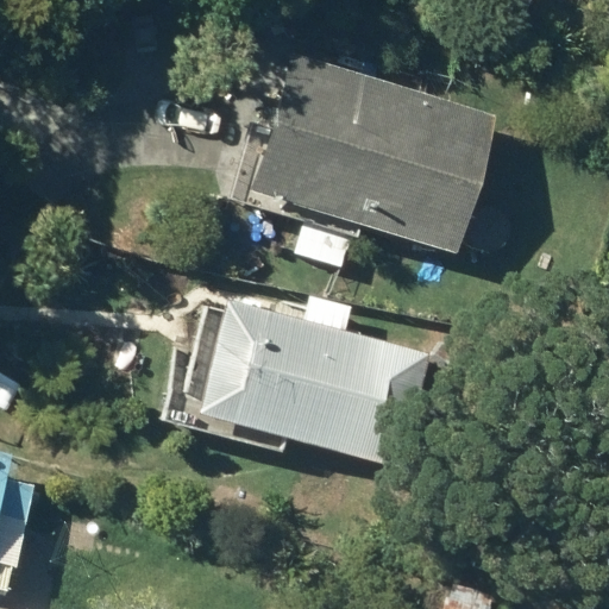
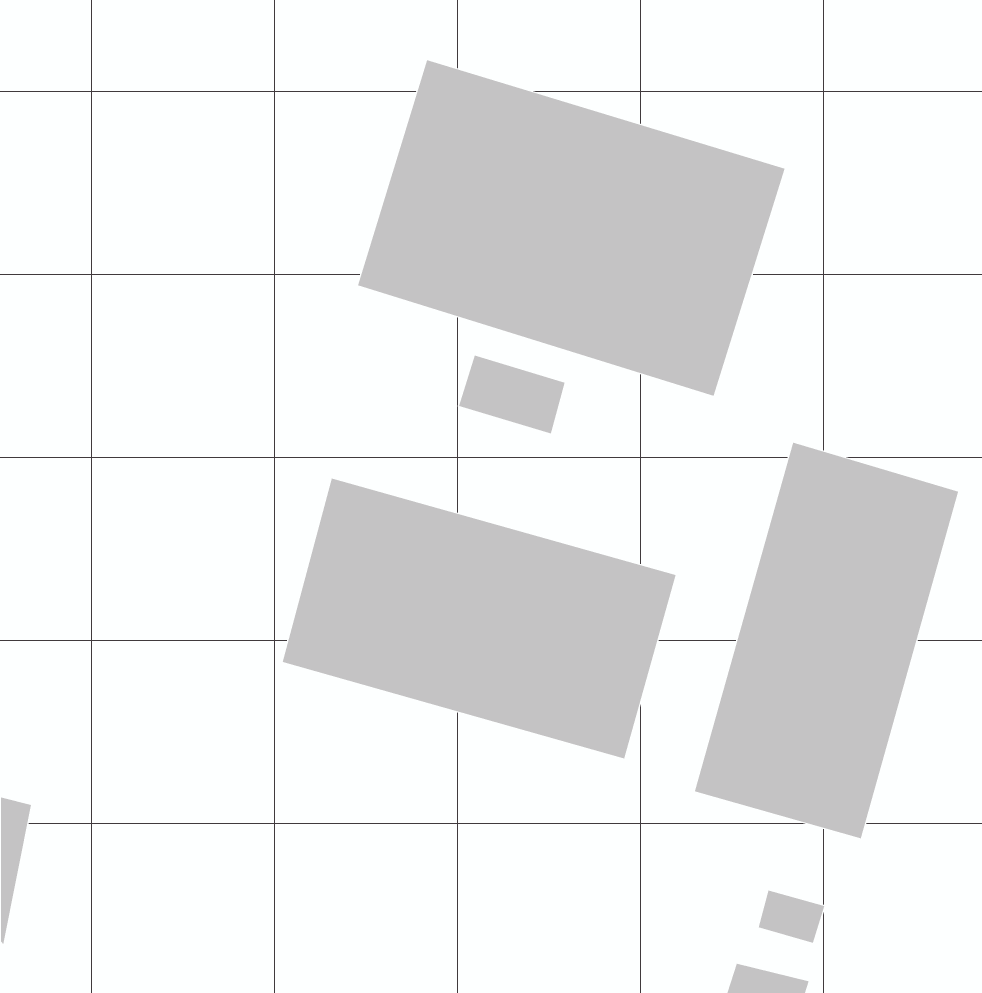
building: none -> [694,442,959,839]

